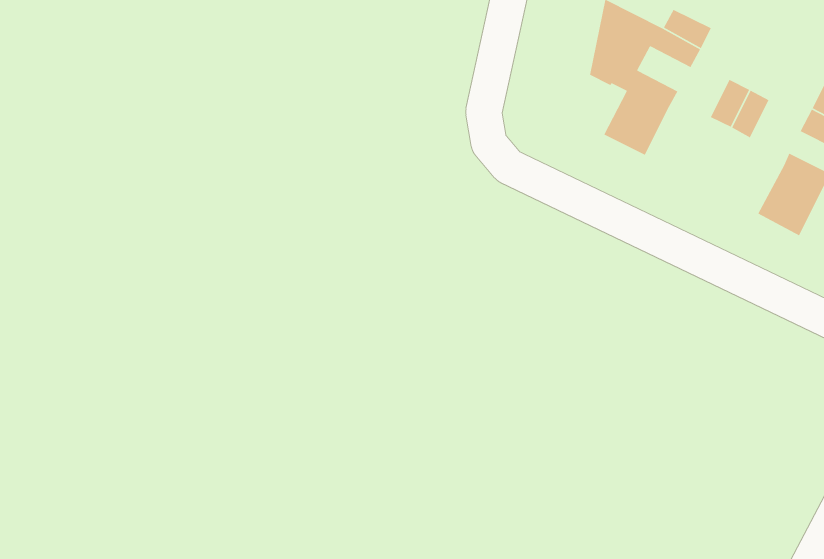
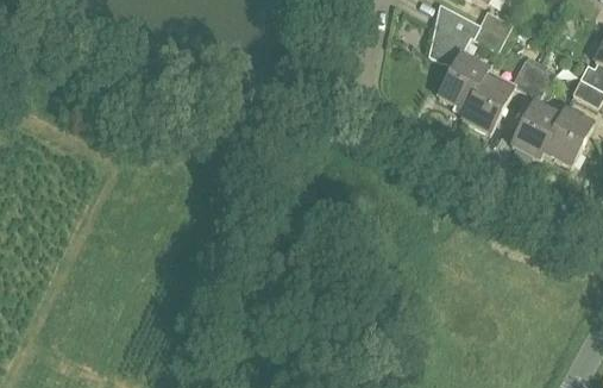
building: none -> [463,75,511,131]
building: none -> [511,100,561,157]

